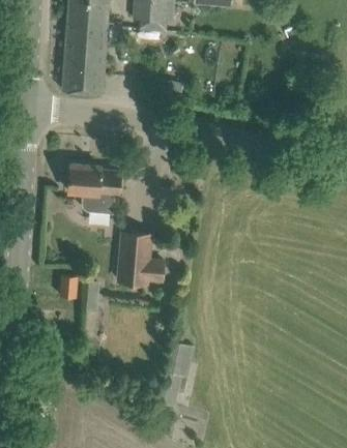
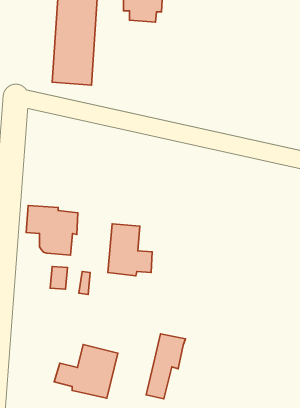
building: [68,165,120,214] -> [26,205,78,255]
building: none -> [54,345,118,398]

